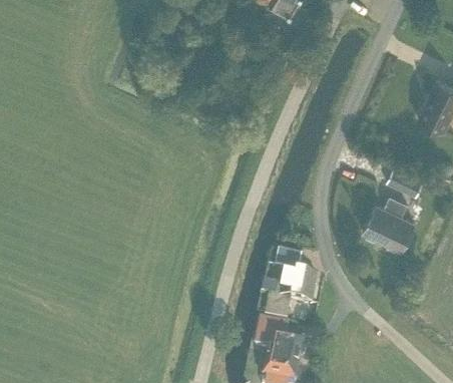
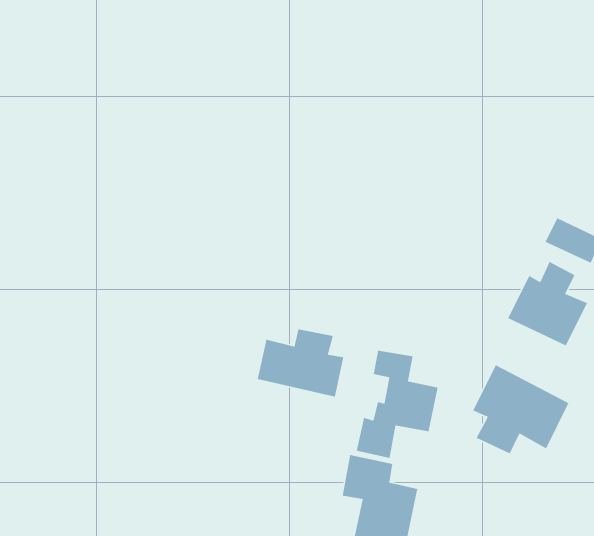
building: none -> [257,328,344,398]
building: none -> [472,364,570,454]

